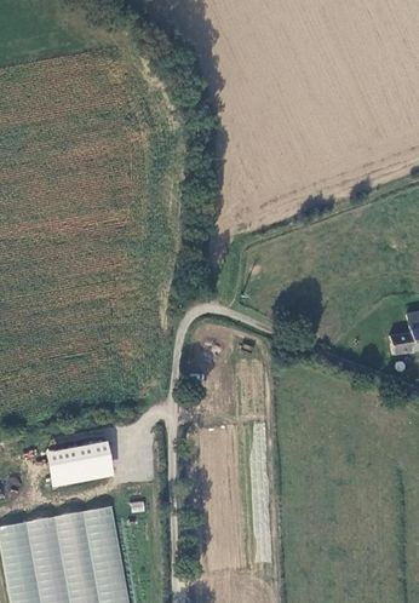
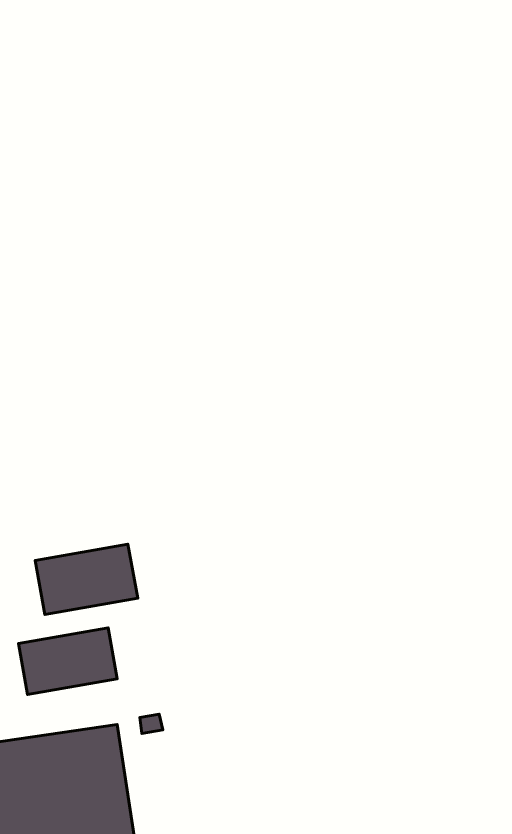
building: none -> [35,544,138,615]

